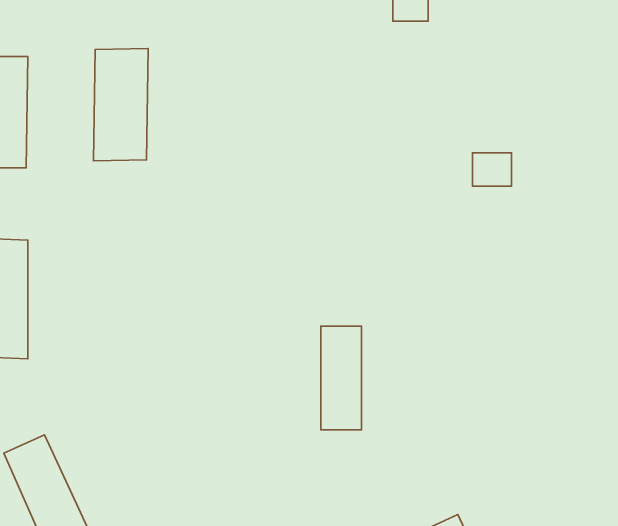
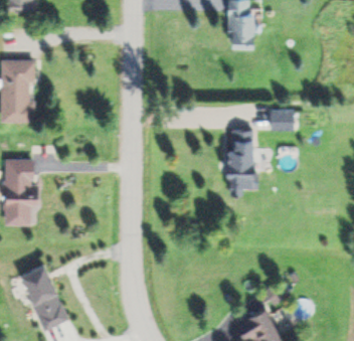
building: [93,49,148,161] -> none
building: [321,326,362,430] -> [232,130,254,186]

